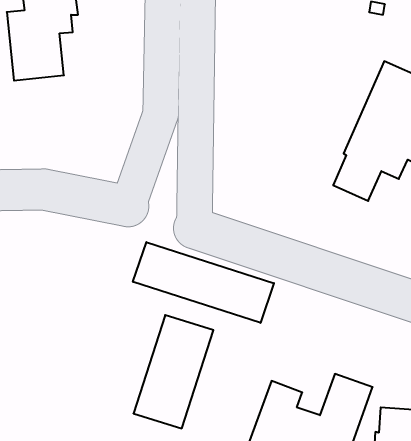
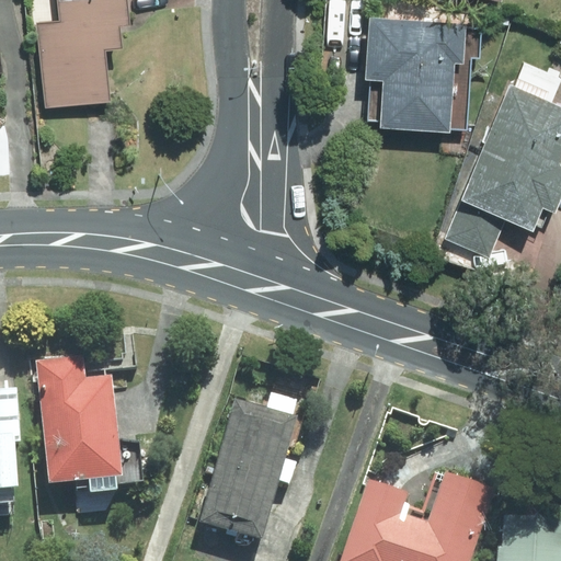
building: none -> [360,14,480,130]
building: [133,242,274,323] -> none
building: none -> [36,358,122,483]

